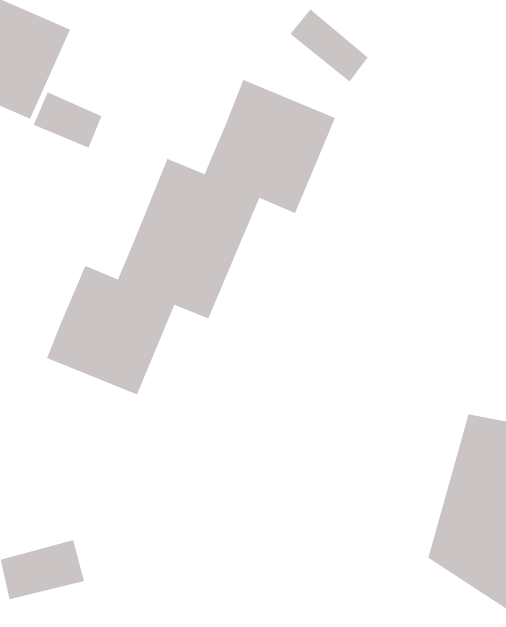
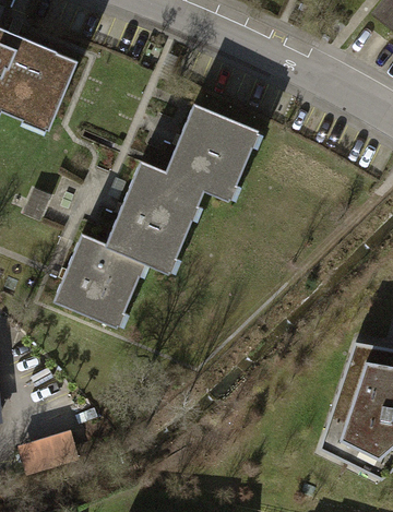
building: [290,9,369,82] -> none
building: [33,91,102,149] -> none

